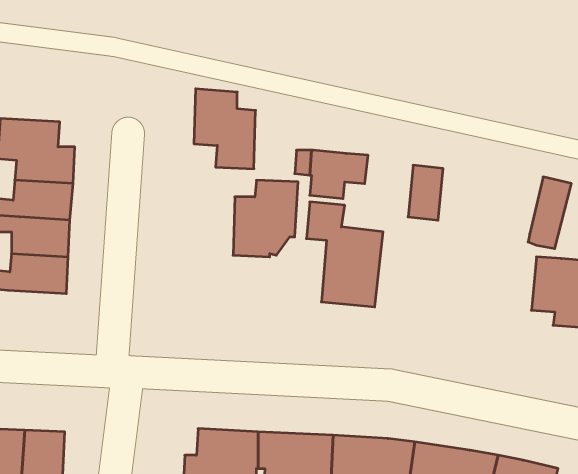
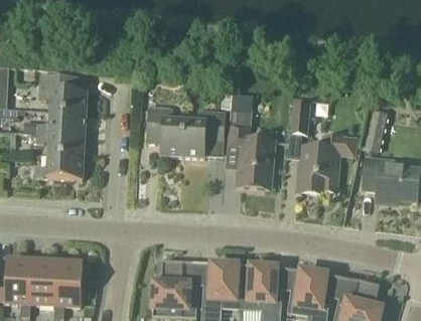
building: [194,89,256,169] -> [146,108,183,156]
building: none -> [295,136,353,192]

